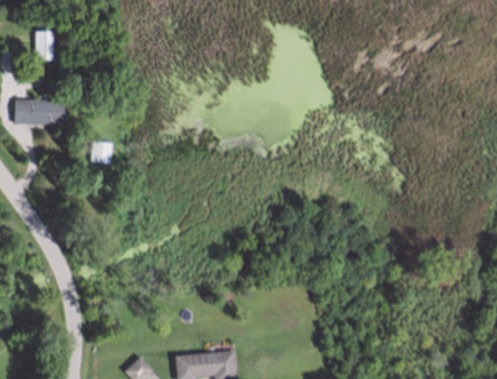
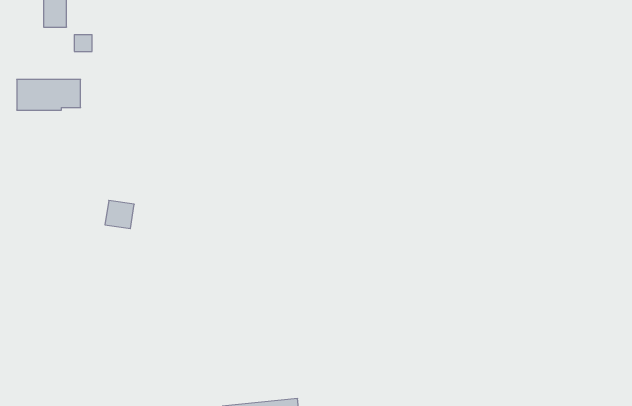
building: [90,141,113,163] -> [105,200,134,229]

